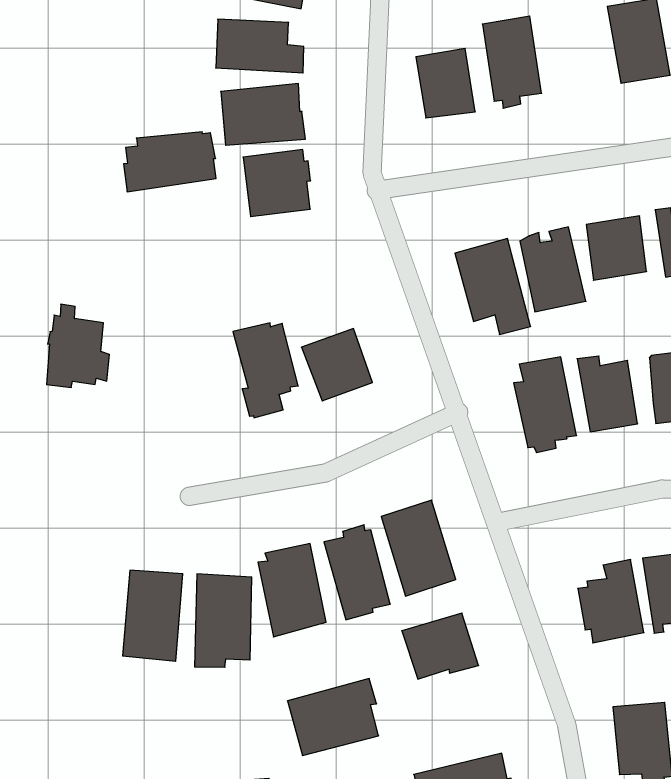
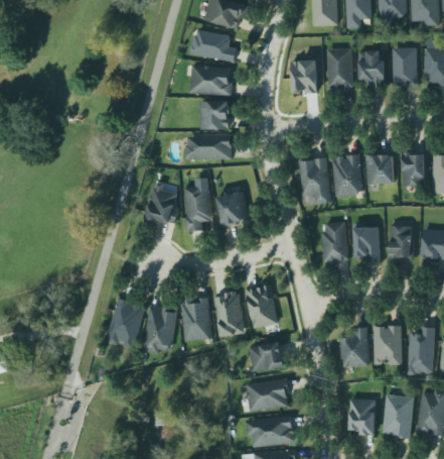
building: none -> [358,50,385,88]
building: [124,132,216,192] -> [186,133,233,159]
building: [47,304,109,387] -> [145,183,178,225]
building: [287,679,379,755] -> [245,378,289,413]

